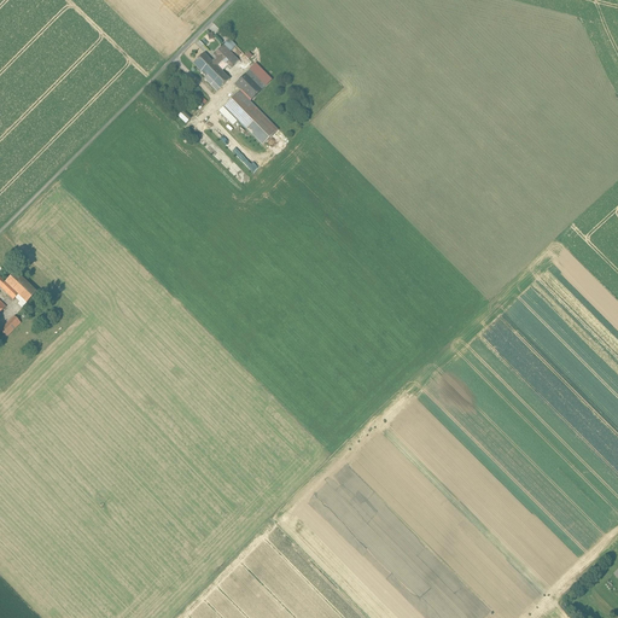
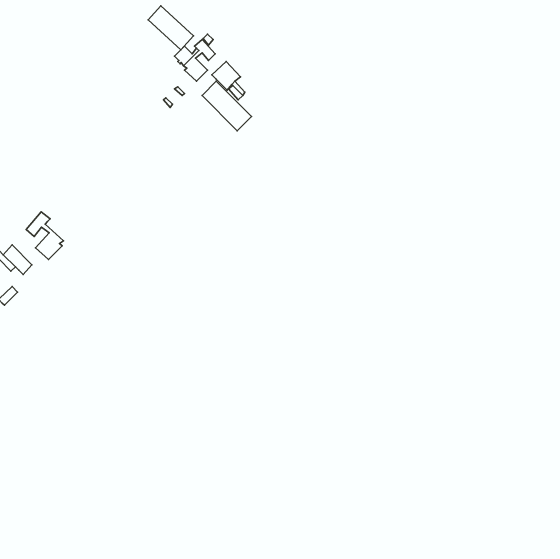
building: none -> [148,6,194,50]
building: none -> [26,212,63,259]

